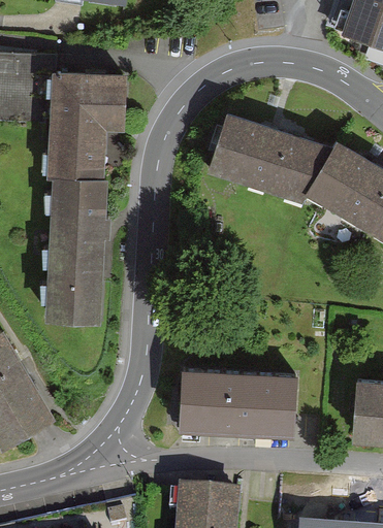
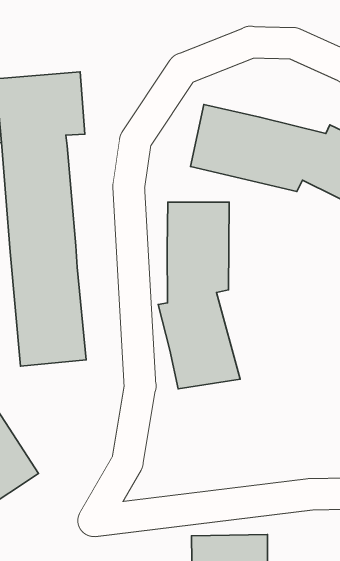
building: none -> [158,202,240,389]
building: [178,368,297,436] -> none

